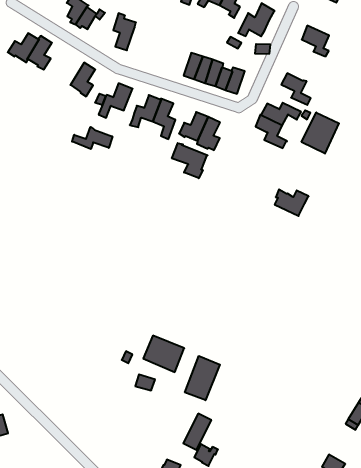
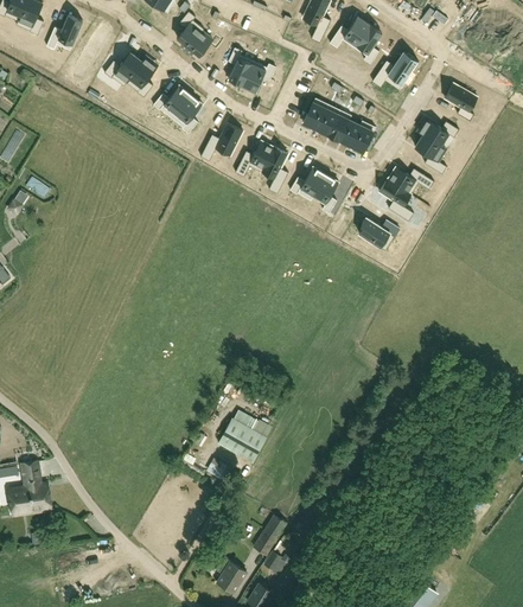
building: none -> [241,60,275,91]
building: none -> [152,84,190,117]
building: none -> [419,119,458,145]
building: [302,112,339,154] -> none
building: [72,127,112,149] -> none
building: [172,143,208,178] -> none
building: [275,189,309,216] -> [358,216,398,249]
building: [185,356,220,400] -> none

